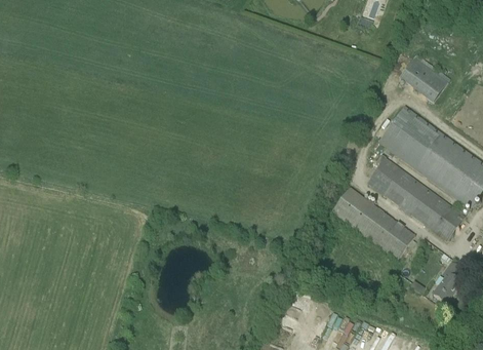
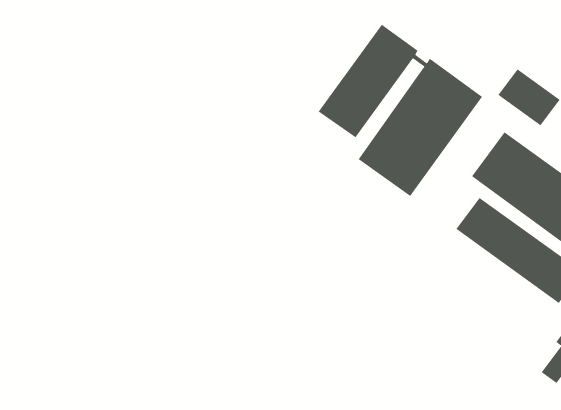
building: none -> [318,24,483,197]
building: [331,187,415,261] -> none

